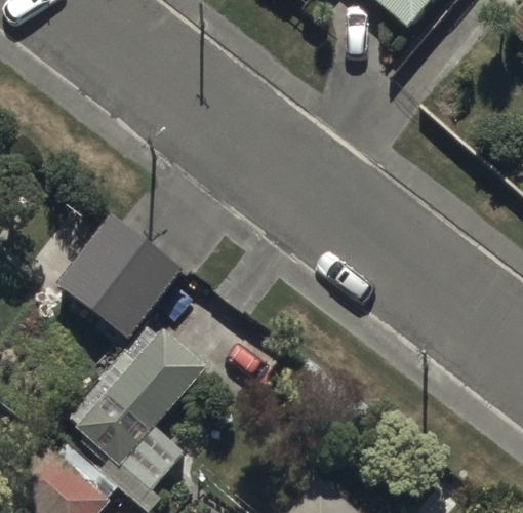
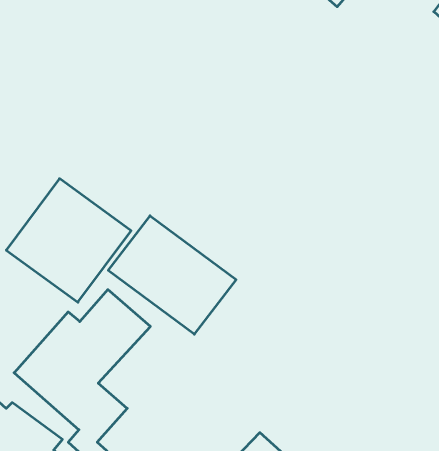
building: none -> [108,216,236,334]

